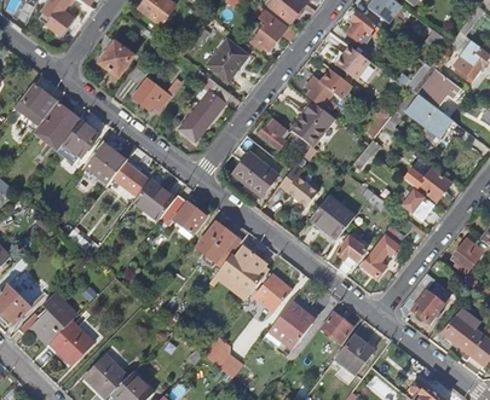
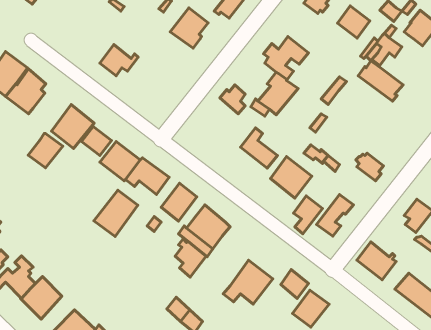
building: [99,42,133,77] -> none
building: [335,46,369,80] -> [338,6,370,38]
building: [181,82,234,139] -> none
building: [63,121,99,157] -> [28,133,63,168]
building: [234,152,278,196] -> none
building: [417,168,451,202] -> none
building: none -> [94,190,138,237]
building: [258,272,290,312] -> [175,239,206,277]

